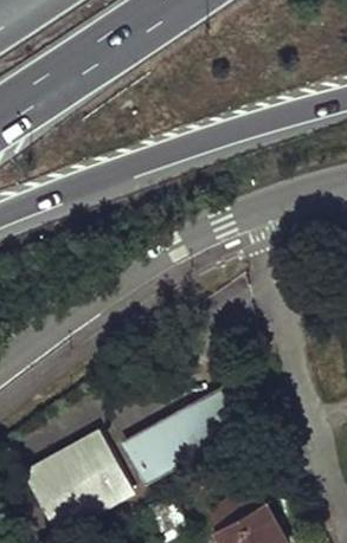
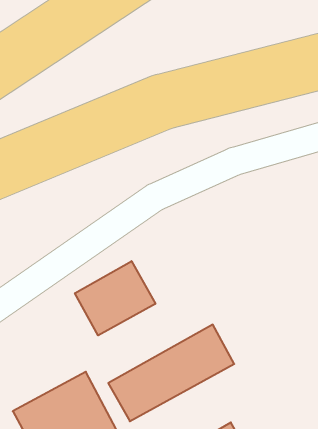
building: none -> [75,261,155,335]

